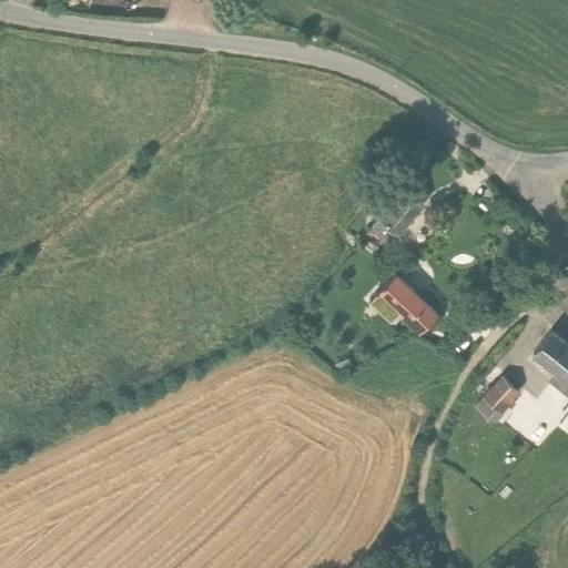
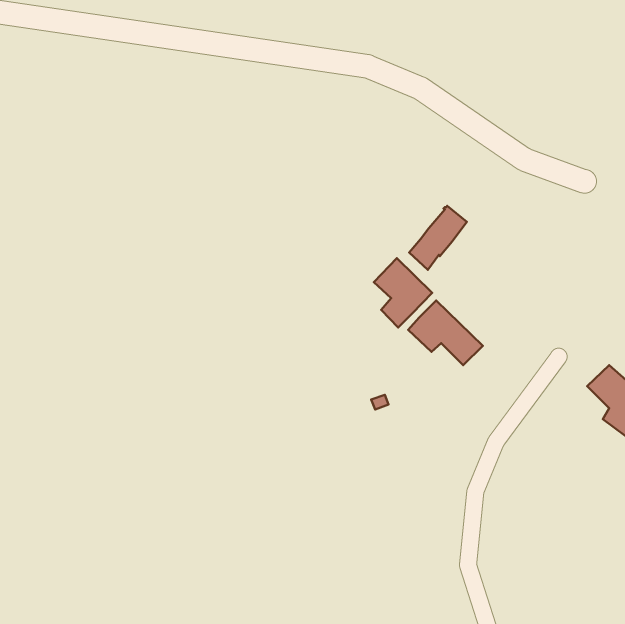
building: none -> [374,258,432,327]
building: [475,377,519,427] -> none

